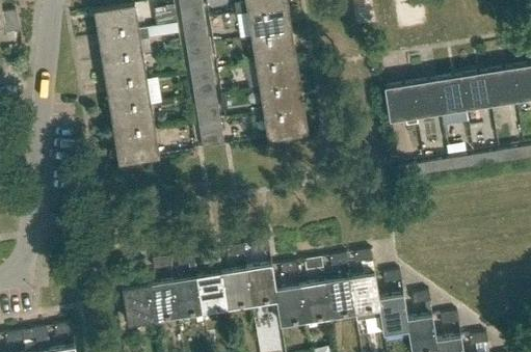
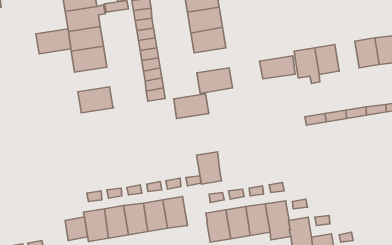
building: [436,76,467,113] -> none
building: [261,84,304,115] -> [174,94,209,119]
building: none -> [260,56,295,79]
building: [111,108,155,139] -> [36,29,71,54]
building: [246,266,277,306] -> [197,152,222,184]
building: none -> [65,217,88,240]

